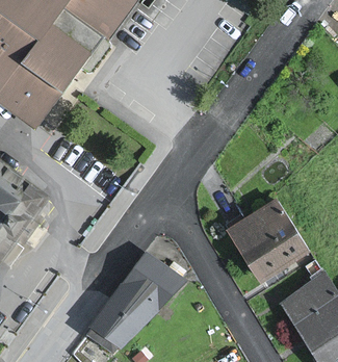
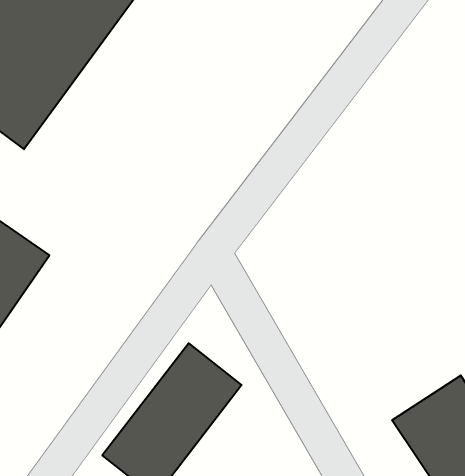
building: [227,201,305,279] -> none

